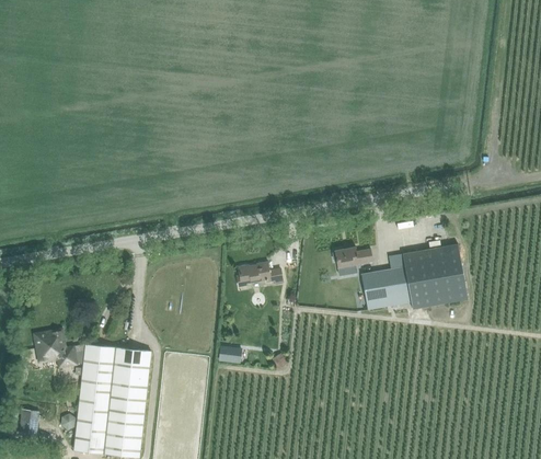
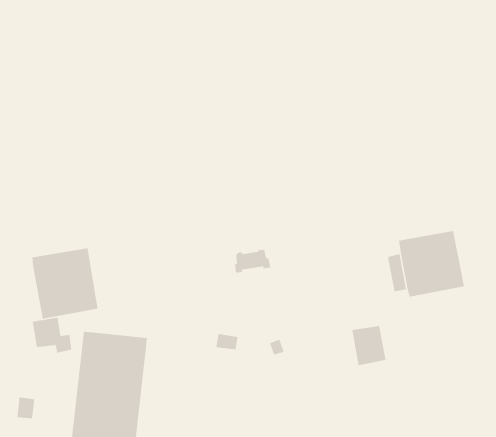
building: [332,246,372,276] -> none
building: none -> [32,247,98,320]
building: [361,269,396,310] -> [351,325,386,366]

